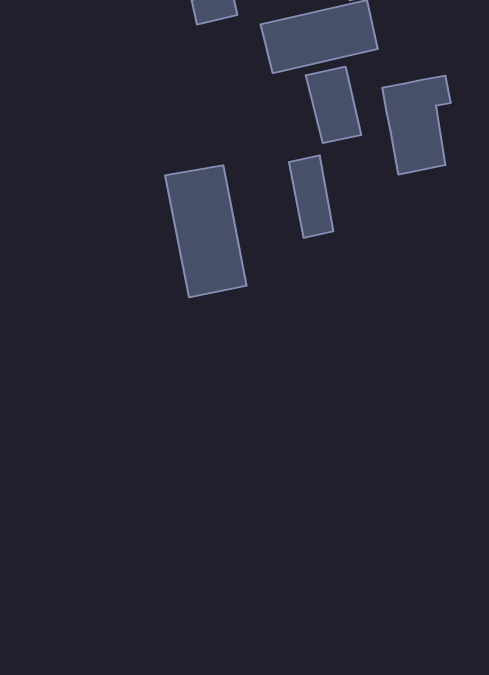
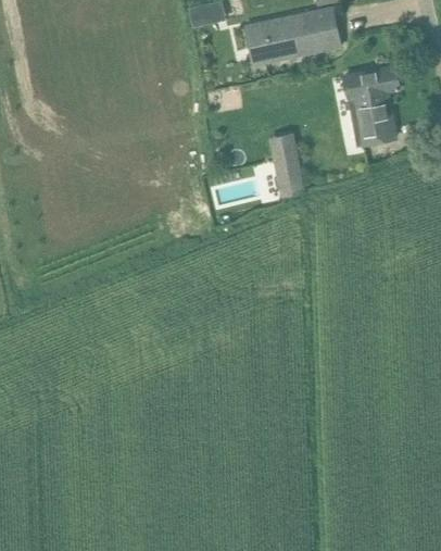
building: [306,67,361,143] -> none
building: [165,165,247,297] -> none

